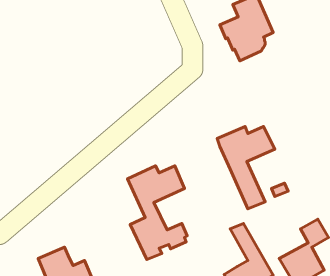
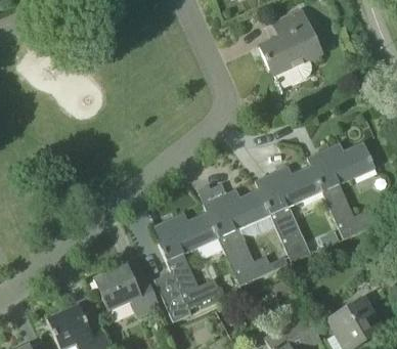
building: none -> [308,142,378,238]
building: none -> [203,188,288,285]
building: none -> [95,266,161,316]

